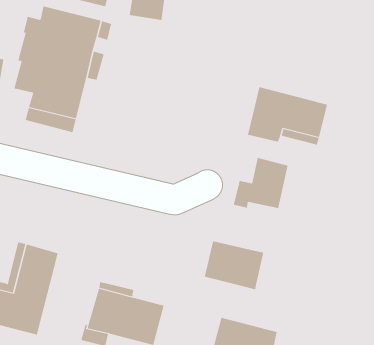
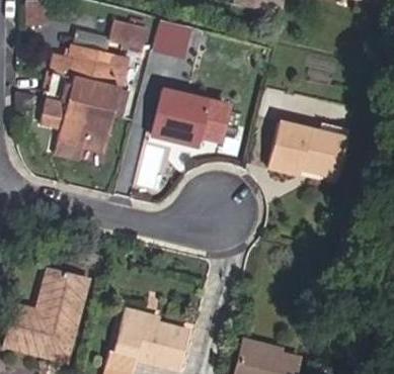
building: none -> [151,89,229,147]
building: [233,157,288,209] -> none
building: [204,241,264,290] -> none

